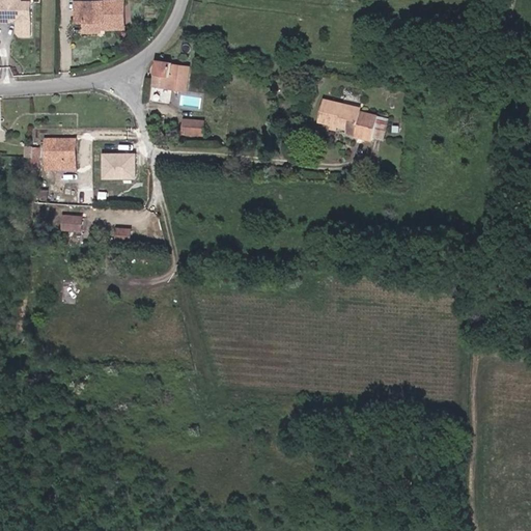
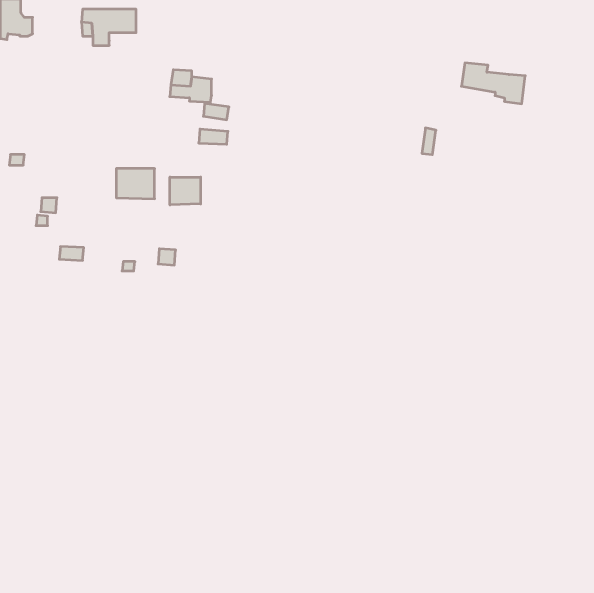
building: [317,96,374,133] -> [461,63,525,104]
building: [35,144,64,167] -> none
building: none -> [170,177,201,205]

